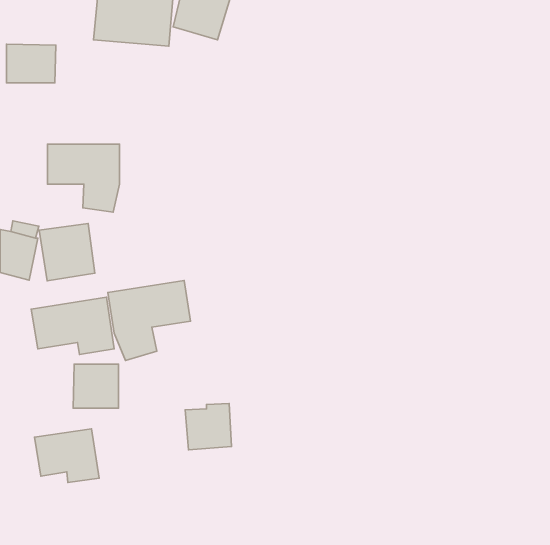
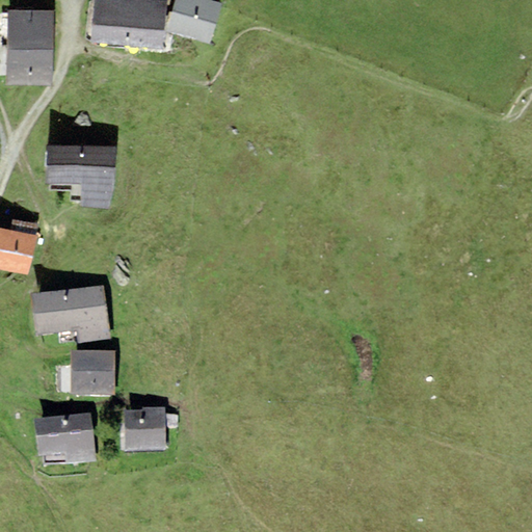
building: none -> [6,4,54,44]
building: [39,223,95,281] -> none
building: [108,280,191,361] -> none
building: [185,403,231,450] -> [122,406,166,451]

